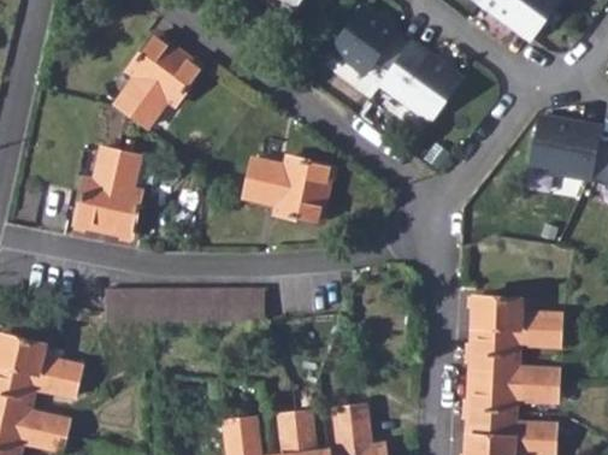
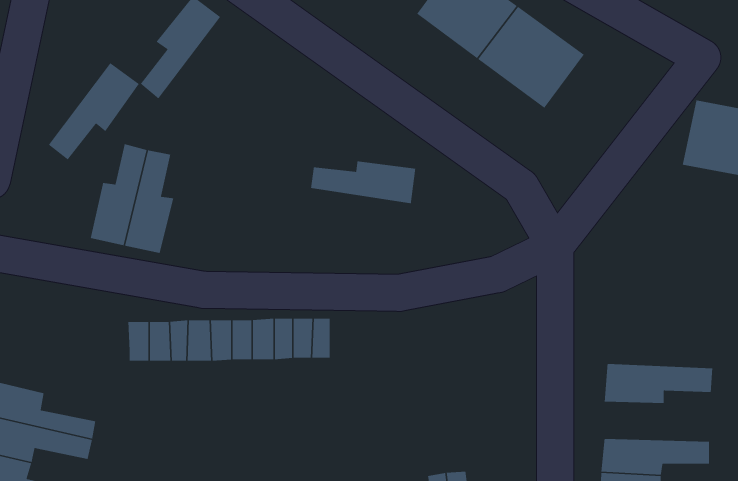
building: [129,53,200,129] -> [48,62,140,160]
building: [242,185,324,225] -> none
building: [474,296,556,324] -> none
building: [472,350,555,380] -> none

